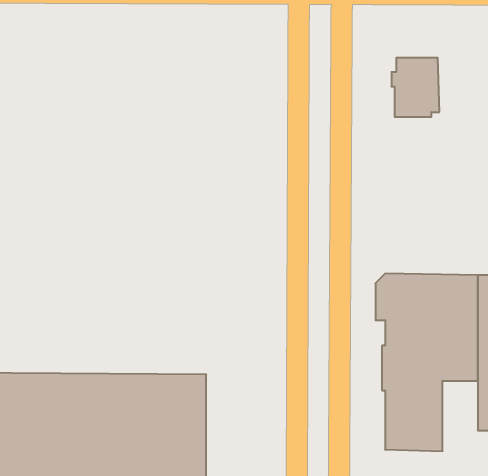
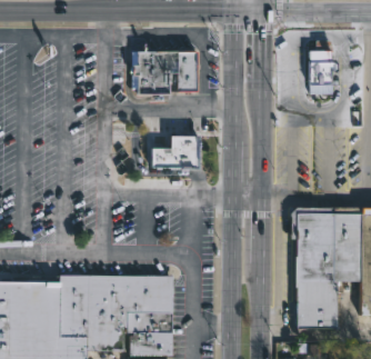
building: none -> [128,50,194,96]
building: none -> [147,136,195,170]

